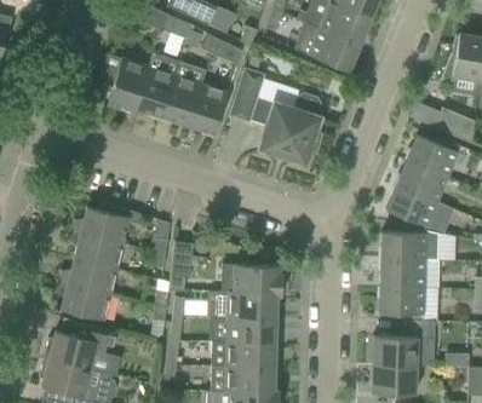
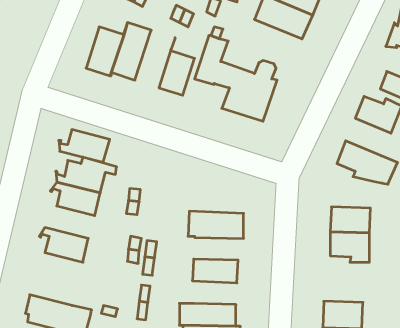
building: [161,62,206,126] -> none
building: [396,160,447,202] -> none
building: [380,225,437,260] -> none
building: [168,242,194,292] -> none
building: [59,258,116,294] -> [59,130,110,162]
building: [210,292,282,318] -> none
building: [372,321,434,367] -> none
building: [44,322,116,369] -> none
building: [211,341,275,368] -> none

